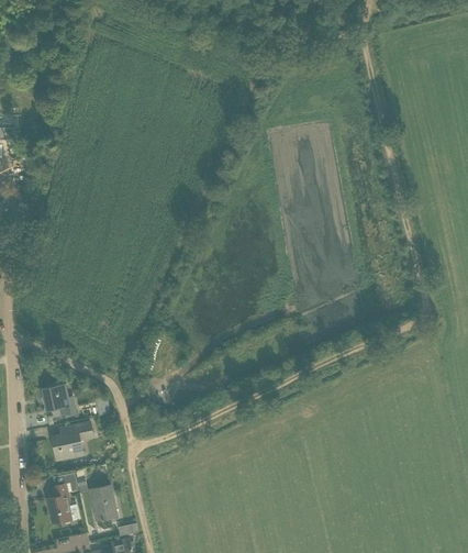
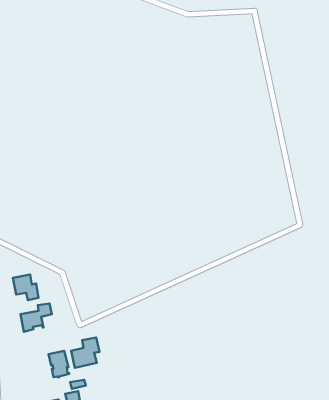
building: none -> [71,337,100,368]
building: [48,483,78,523] -> none

